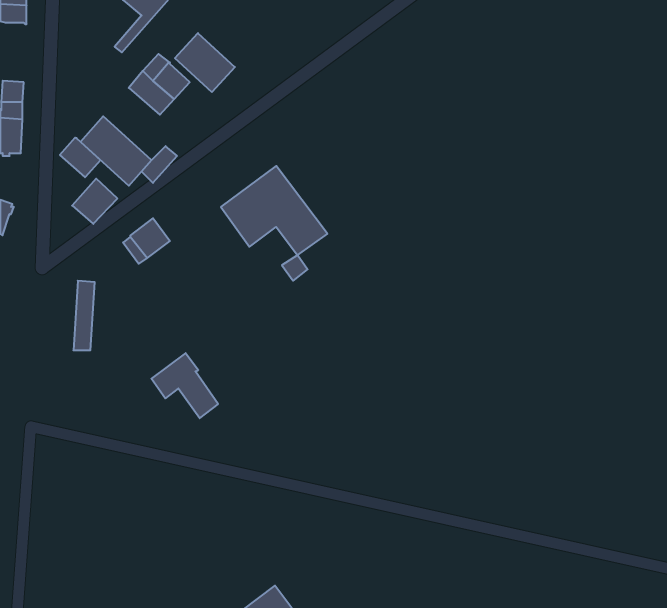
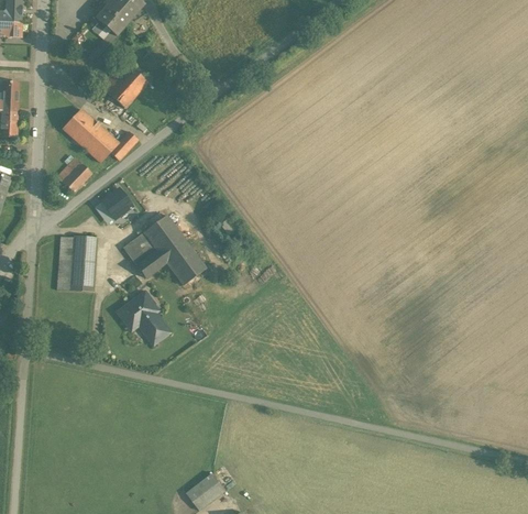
building: [175,33,235,92] -> none
building: [60,138,100,177] -> none
building: [221,166,327,255] -> [123,215,206,284]
building: none -> [70,236,97,292]

